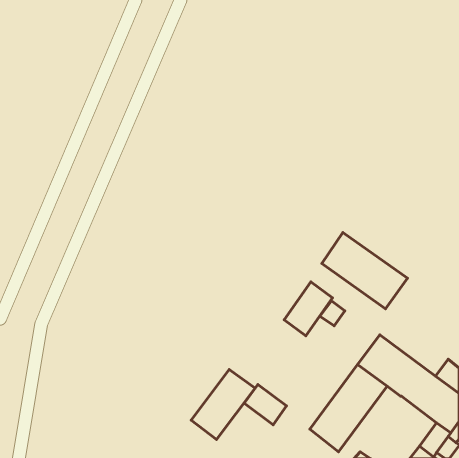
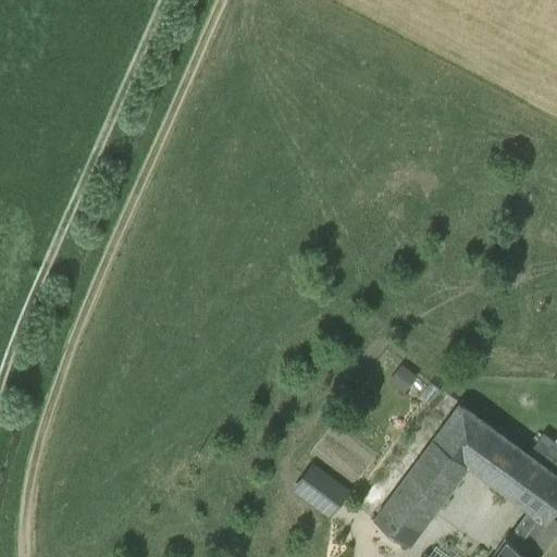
building: [322,232,408,309] -> none
building: [284,282,333,336] -> none
building: [191,370,255,439] -> none

